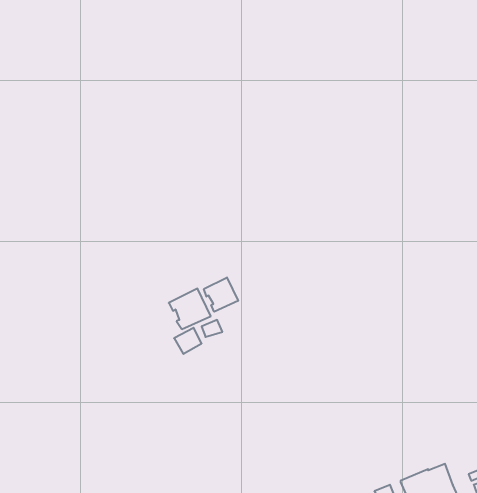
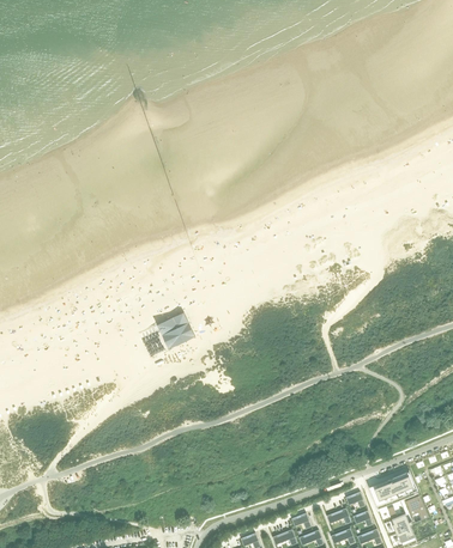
building: [204,277,238,312] -> none

